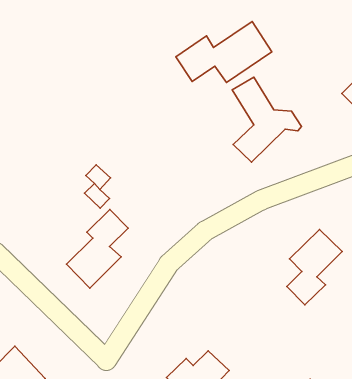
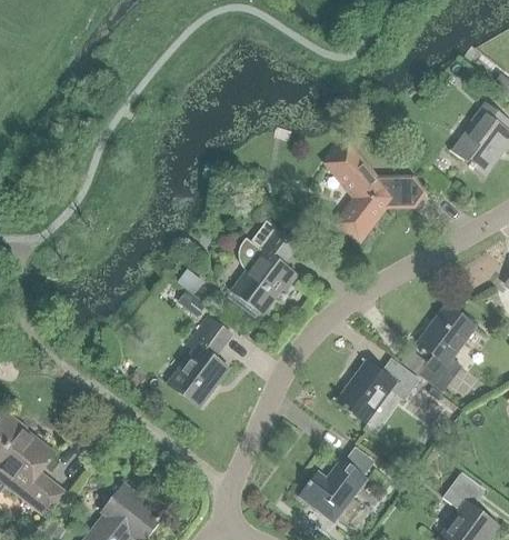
building: [176,21,272,83] -> none
building: none -> [234,220,301,310]
building: none -> [332,357,419,422]

